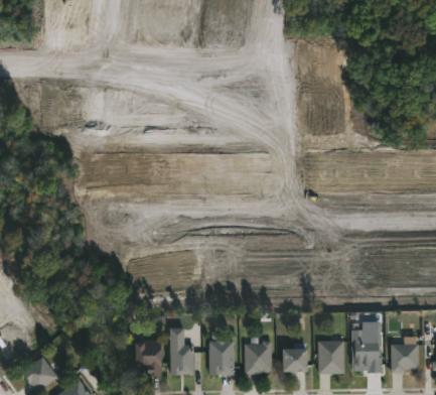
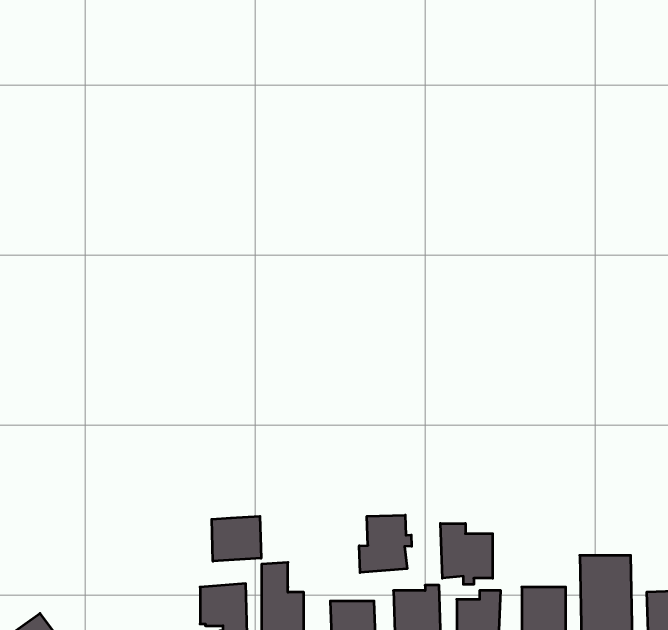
building: none -> [359,515,412,573]
building: none -> [212,516,261,561]
building: none -> [440,523,493,584]

